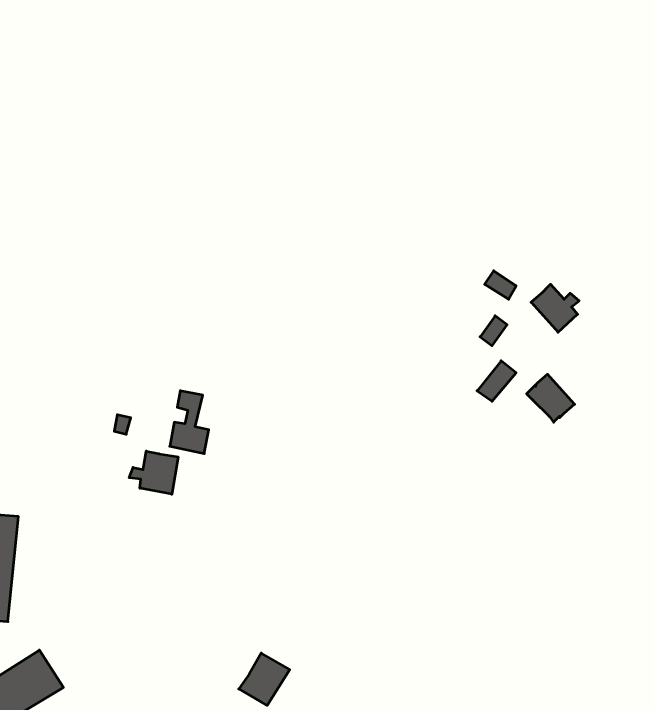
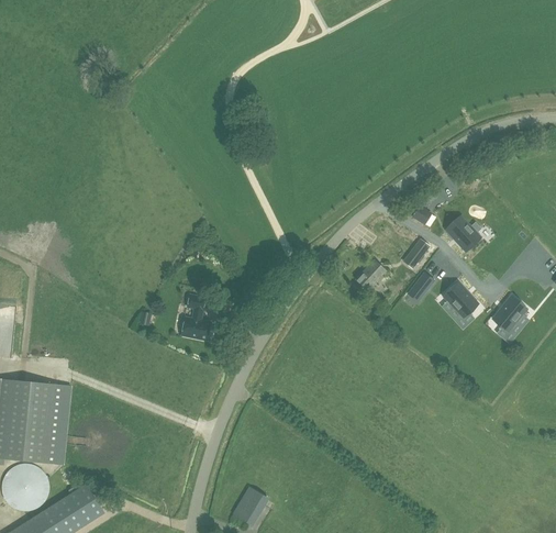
building: none -> [356,260,386,291]
building: none -> [492,297,526,332]
building: [129,451,178,494] -> none

